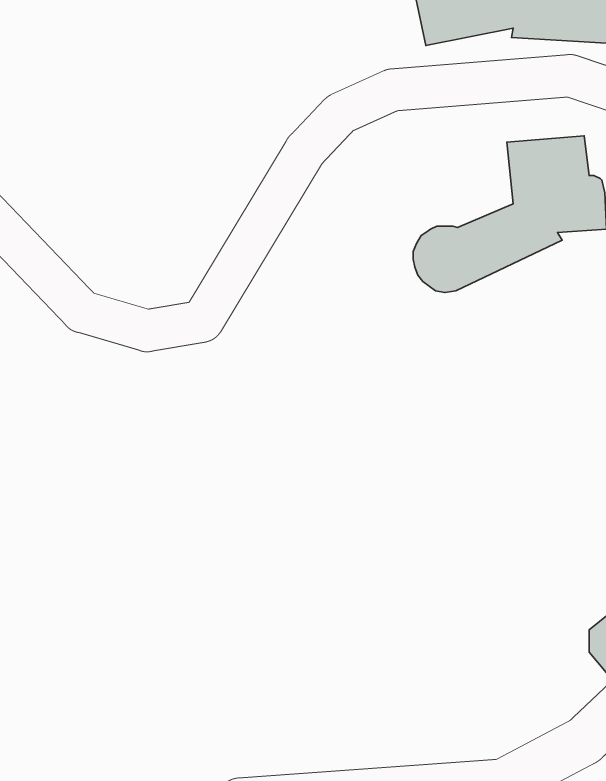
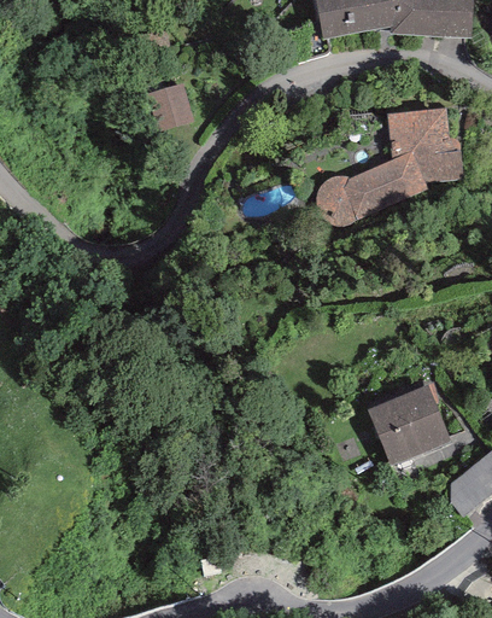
building: none -> [146,83,194,133]
building: none -> [368,385,451,465]

